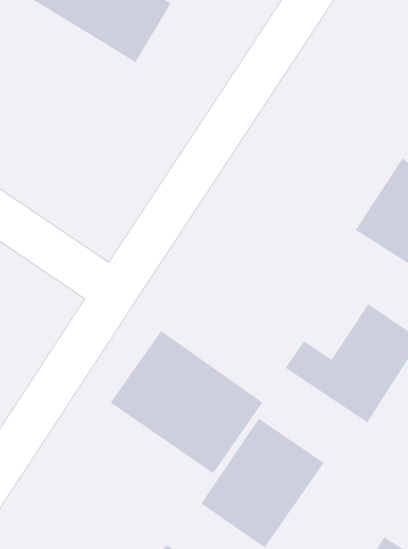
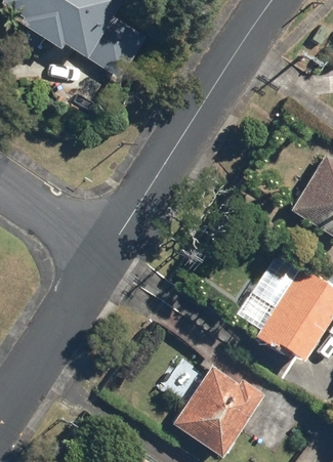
building: [110,330,263,474] -> none

